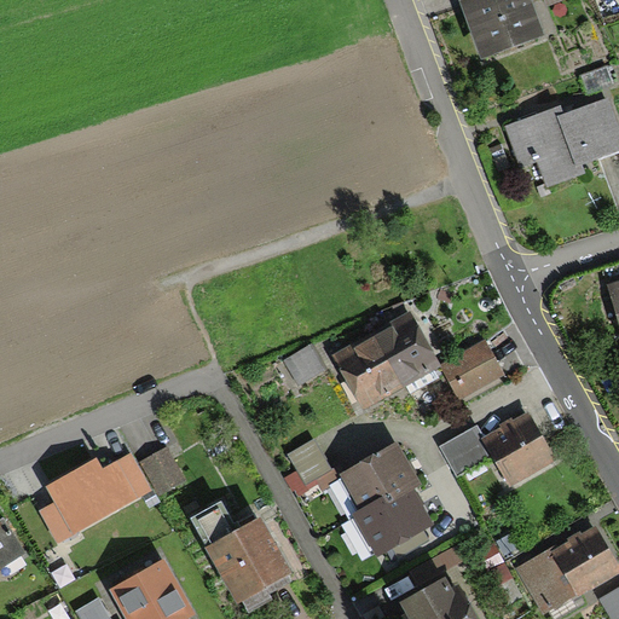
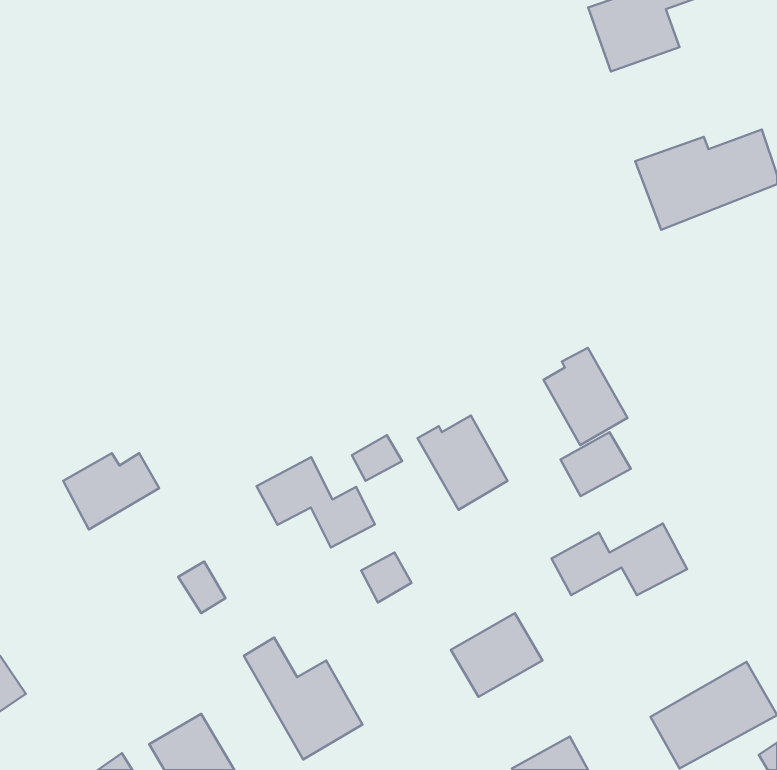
building: [374,305,440,382] -> [544,348,627,445]
building: none -> [257,457,375,548]
building: [347,450,413,510] -> none
building: [53,467,129,527] -> [63,453,159,529]

